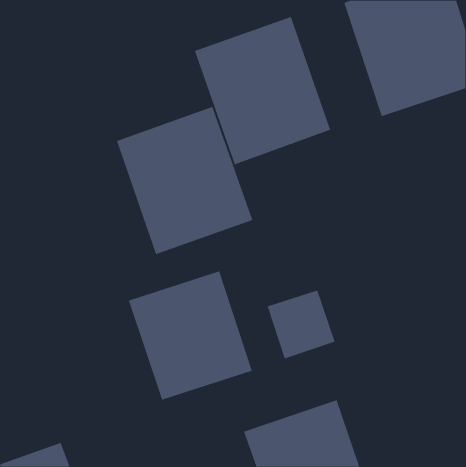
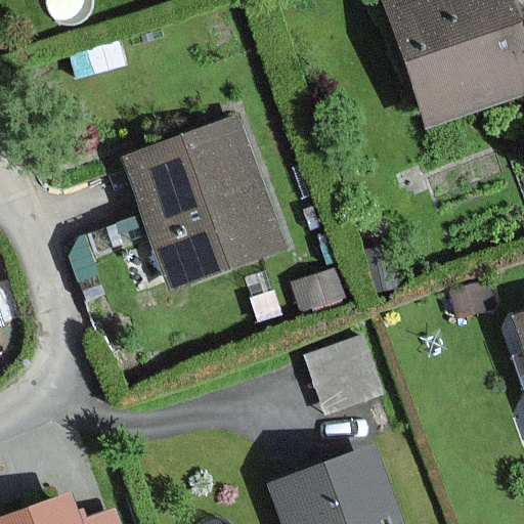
building: [194,16,331,165] -> none
building: [128,271,253,401] -> none

